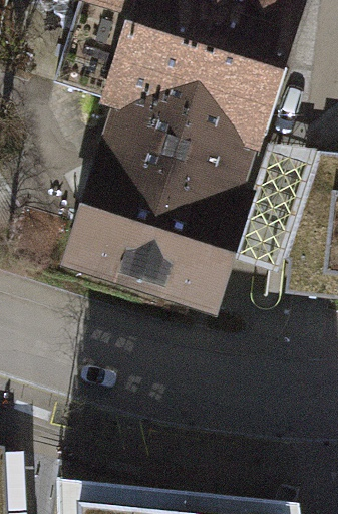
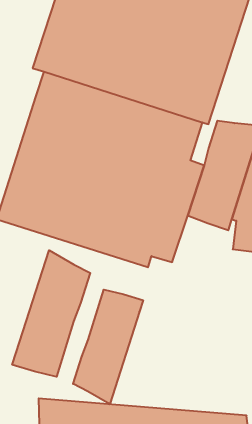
building: none -> [12,250,90,377]
building: none -> [73,290,143,404]

